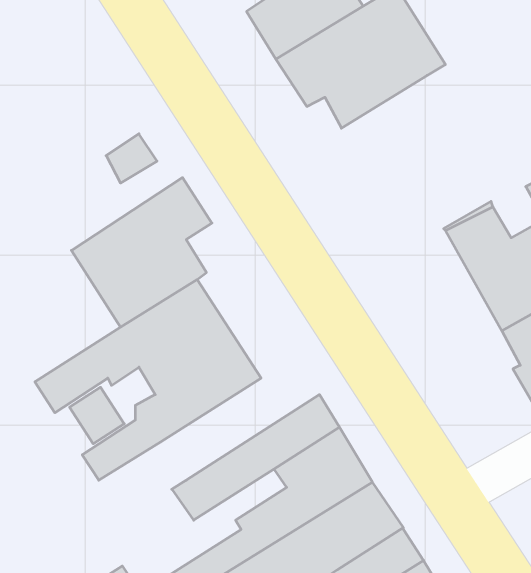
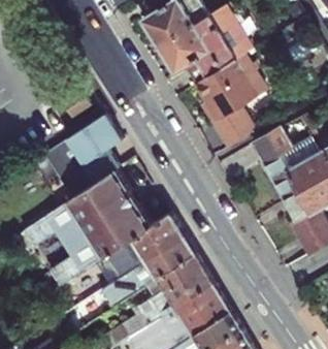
building: none -> [195,56,264,149]
building: none -> [93,215,183,285]

